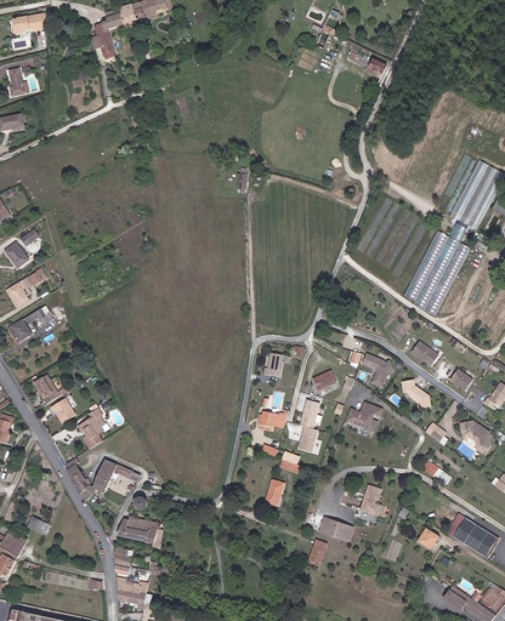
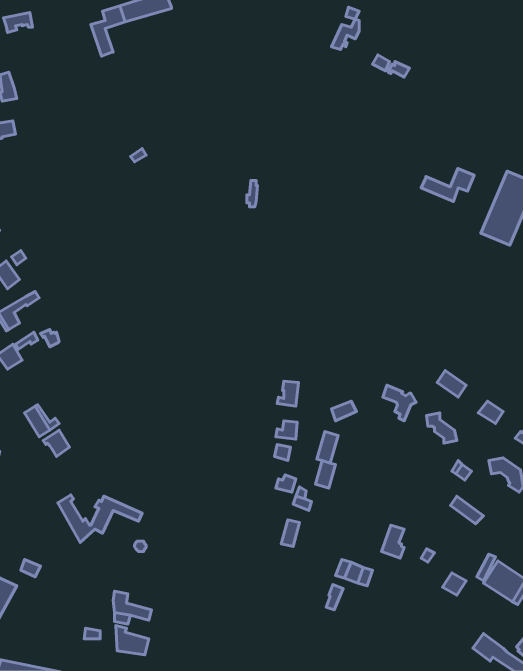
building: none -> [421,168,474,201]
building: [347,403,384,431] -> none
building: [78,408,103,448] -> none
building: [118,515,161,548] -> none

